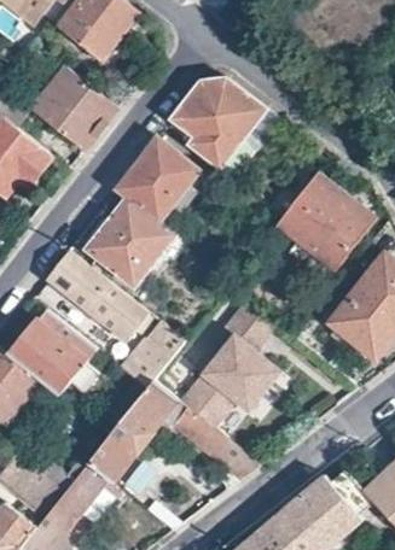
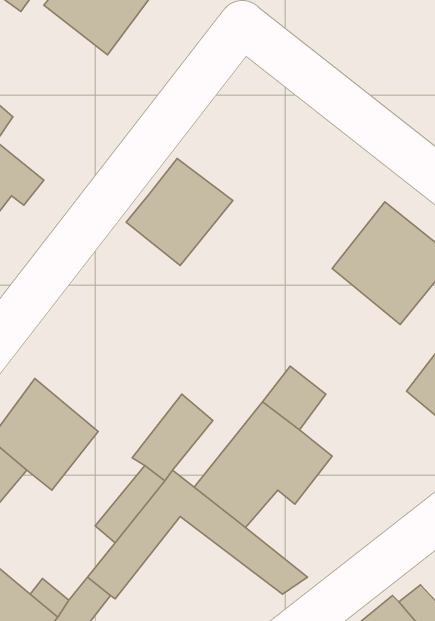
building: [33,66,116,150] -> none
building: [172,77,280,179] -> none
building: [87,198,175,286] -> none
building: [46,250,150,341] -> none

